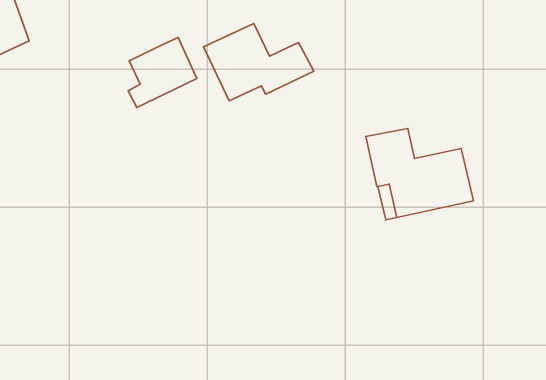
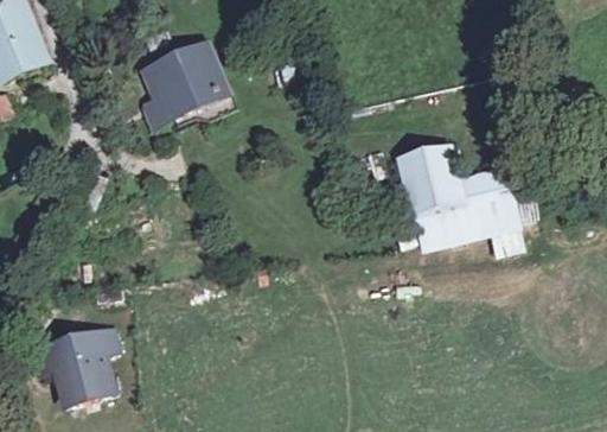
building: [203,23,314,101] -> none
building: none -> [32,328,115,404]

